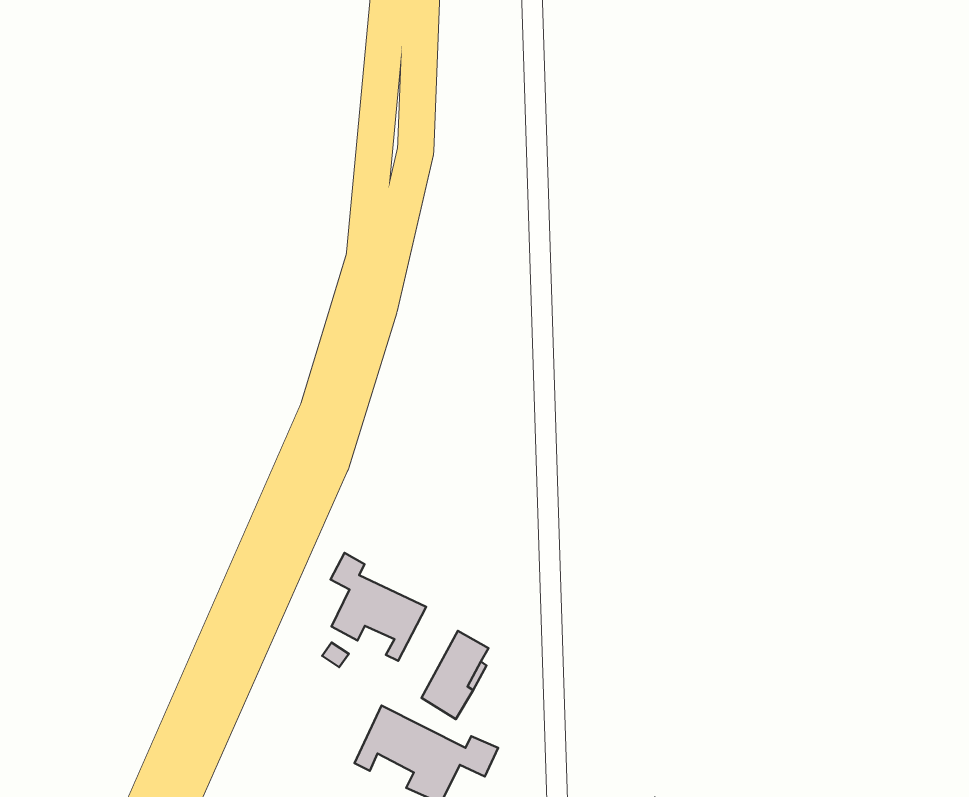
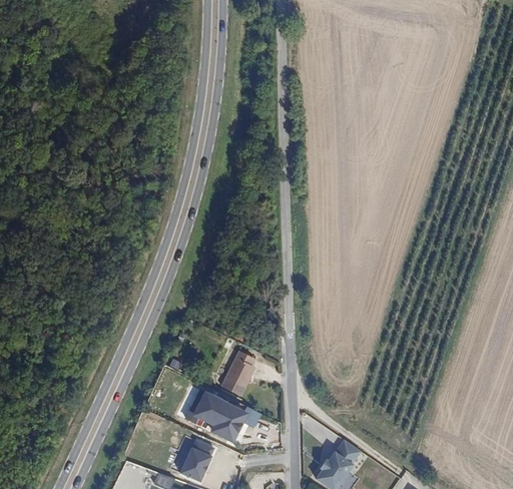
building: [330,553,426,661] -> none

